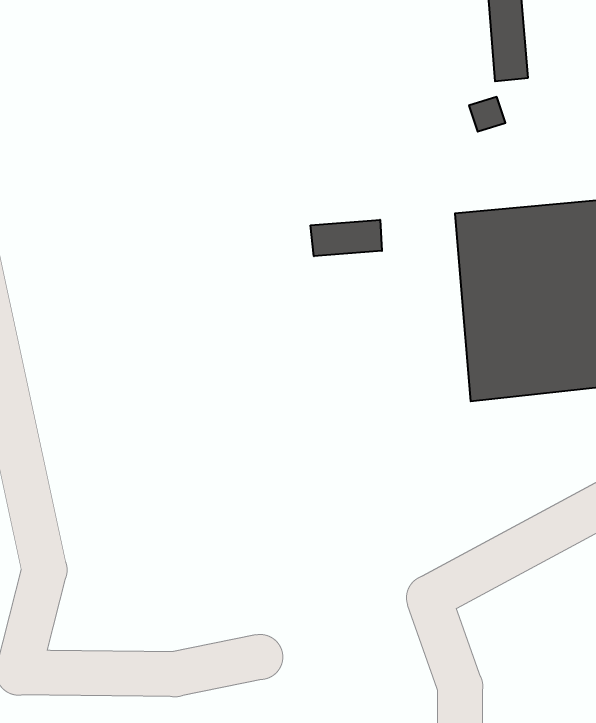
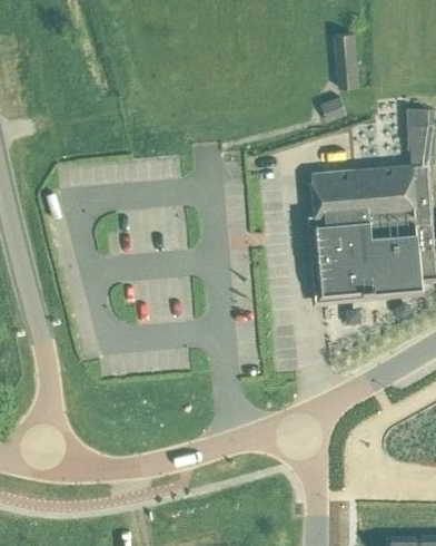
building: [311,220,382,256] -> none

